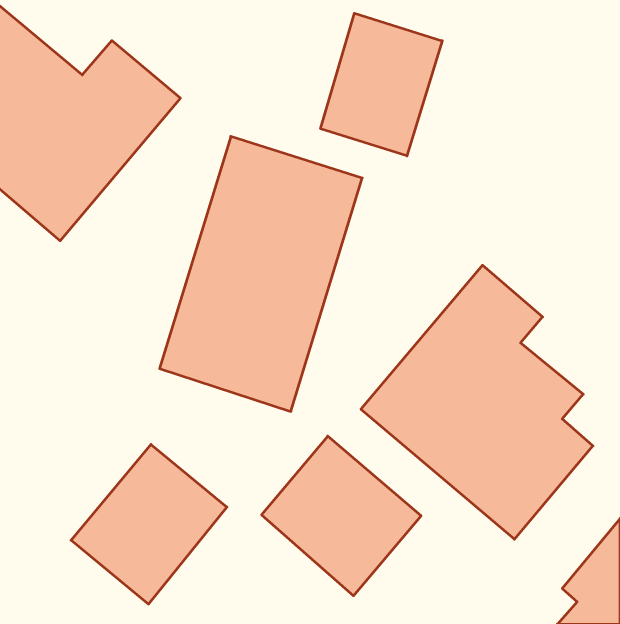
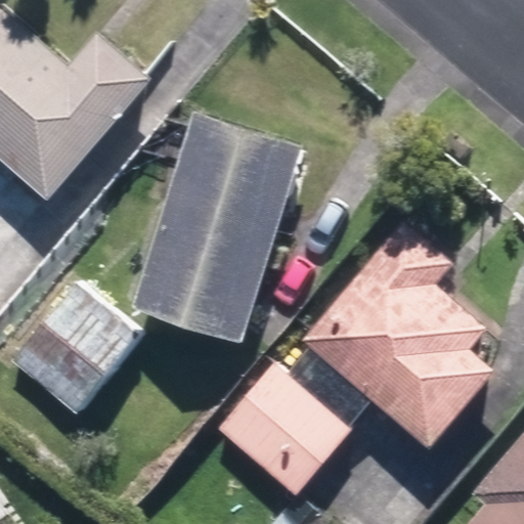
building: [321,13,442,156] -> none
building: [71,444,227,604] -> [11,279,141,412]

